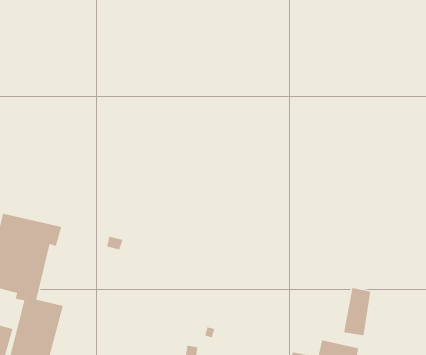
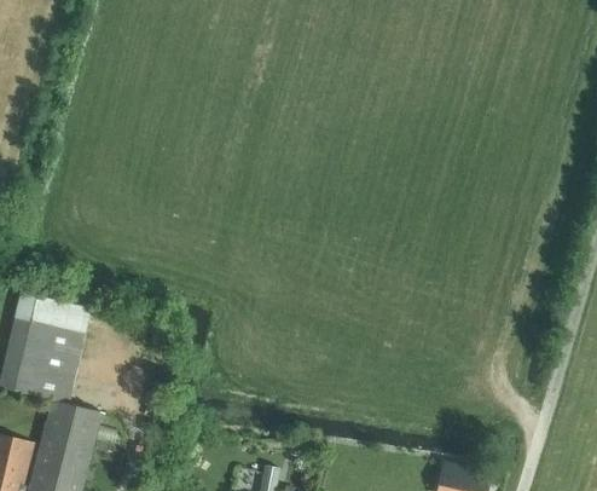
building: [343,287,371,336] -> none

